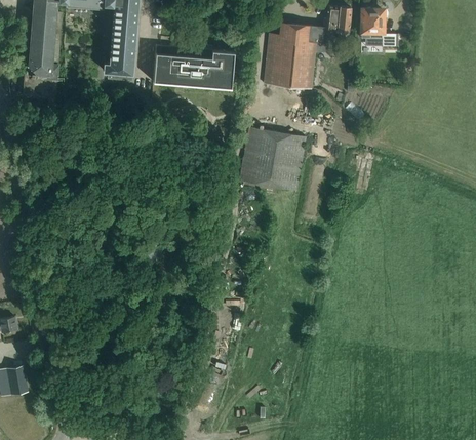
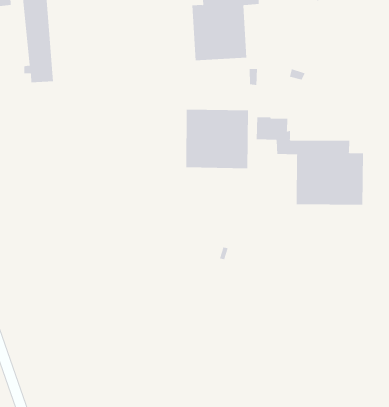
building: [153,46,234,89] -> none
building: none -> [256,117,364,206]

